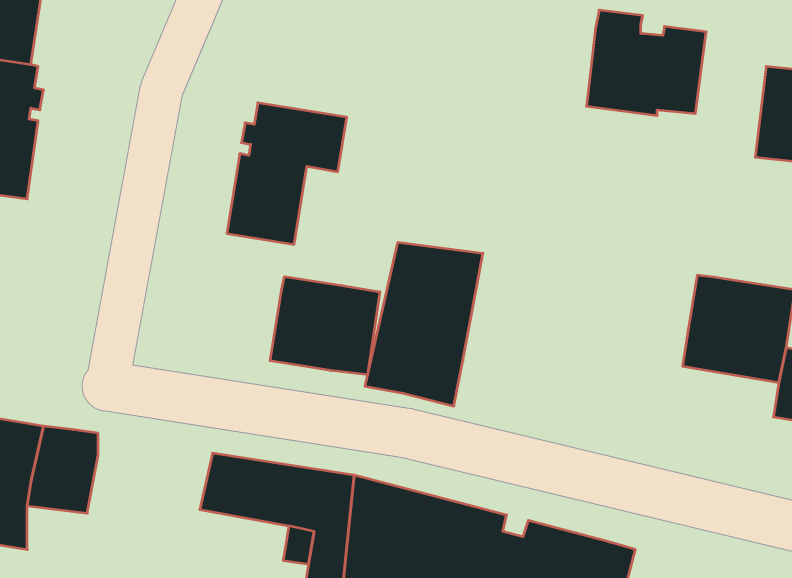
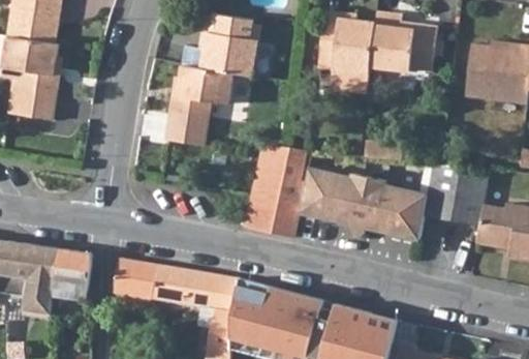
building: none -> [317,11,374,73]
building: none -> [200,17,259,77]
building: [270,277,380,375] -> none
building: none -> [299,168,427,239]
building: none -> [112,258,156,315]

